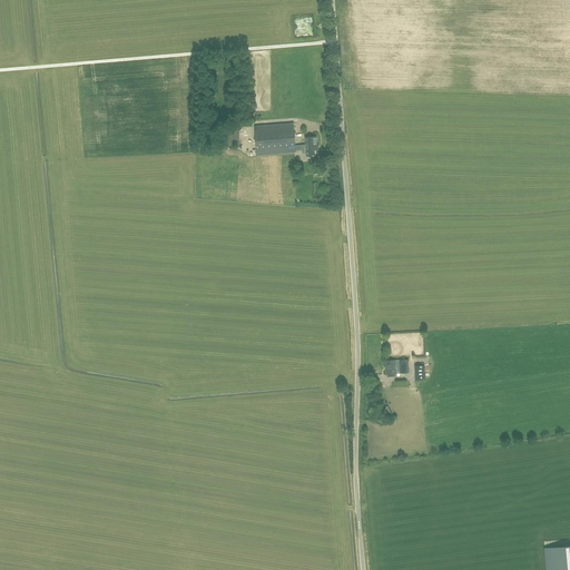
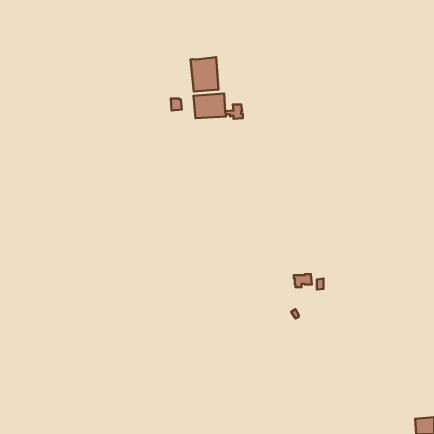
building: none -> [191,57,218,91]

